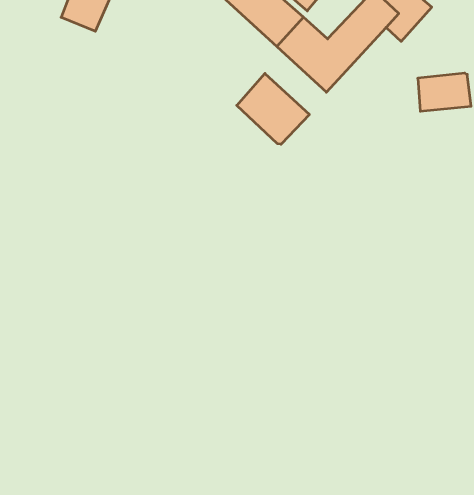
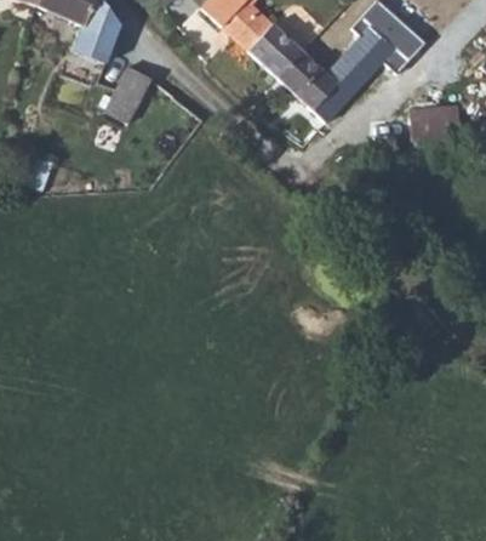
building: none -> [104,67,151,124]
building: [237,73,309,144] -> none

